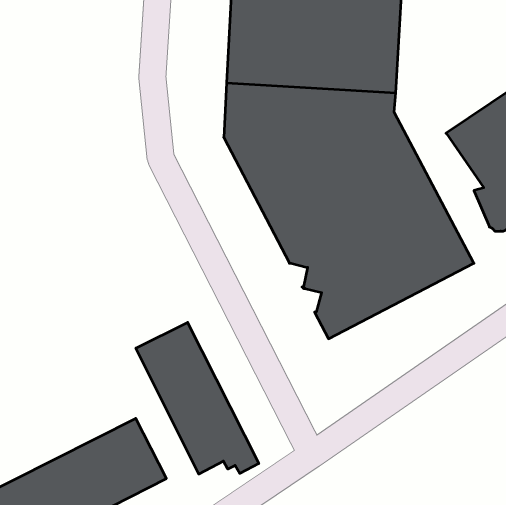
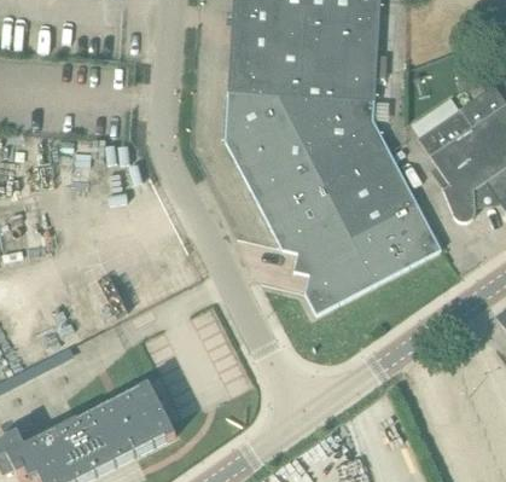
building: [136,322,259,474] -> none

